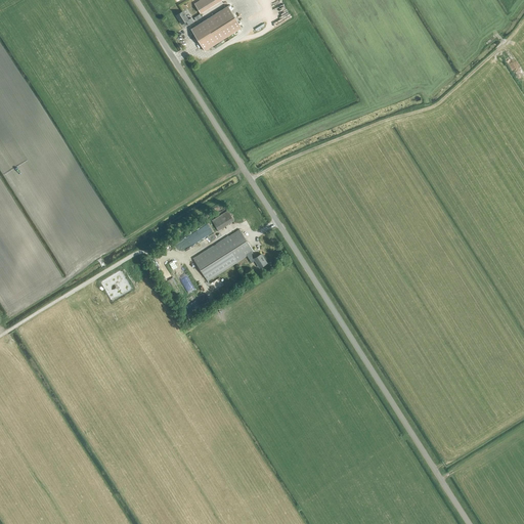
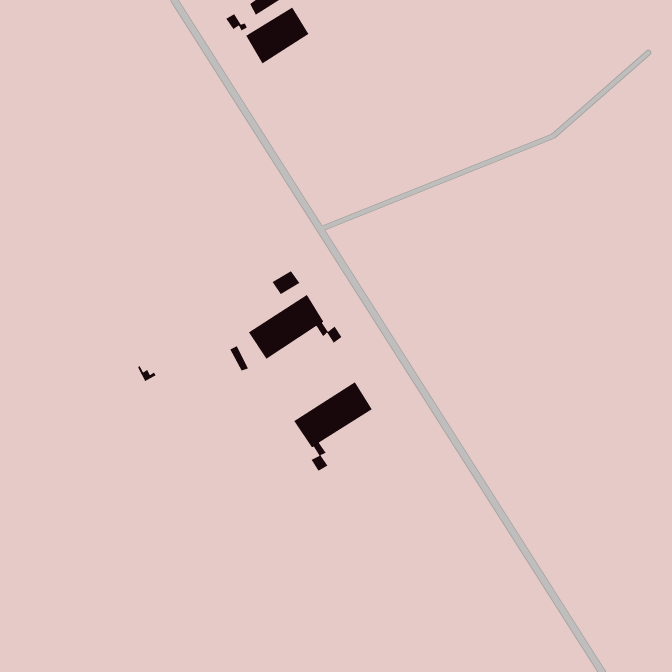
building: none -> [293,381,373,472]

